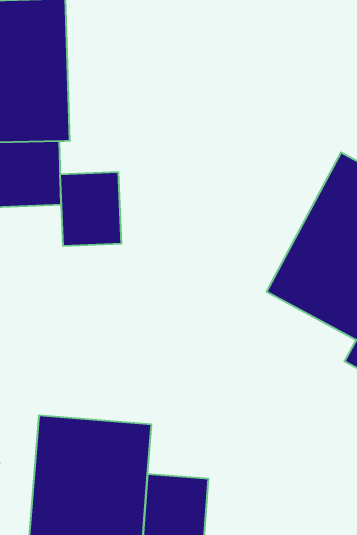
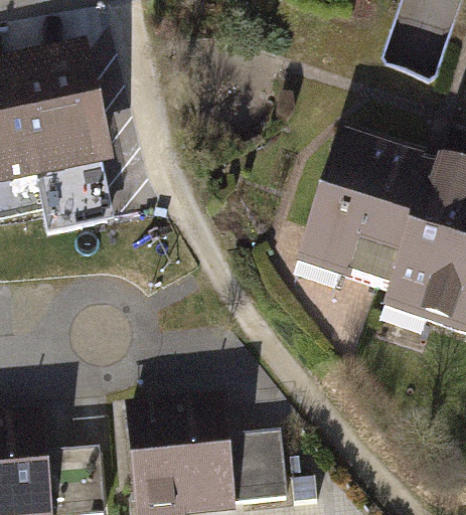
building: [60,172,121,246] -> none

